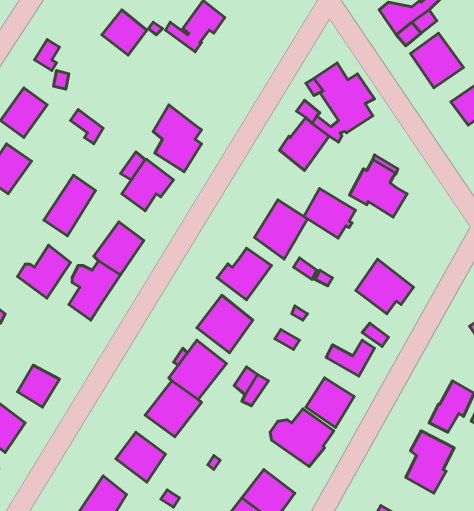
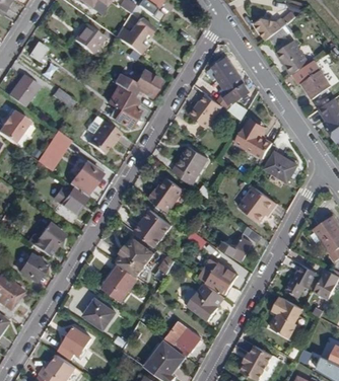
building: none -> [114,70,160,98]
building: [304,188,355,238] -> [265,151,298,183]
building: [17,245,70,298] -> [28,222,63,256]

